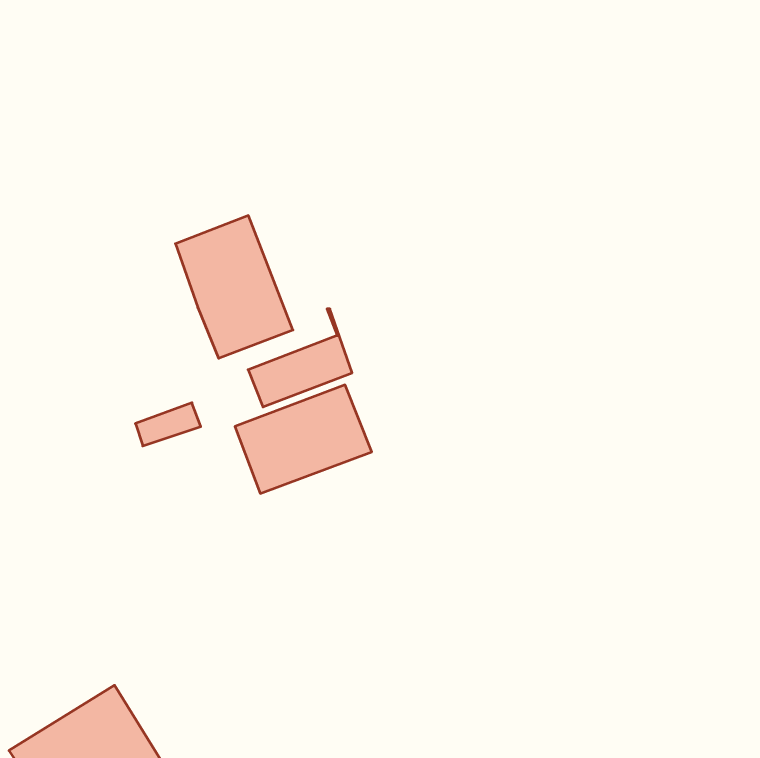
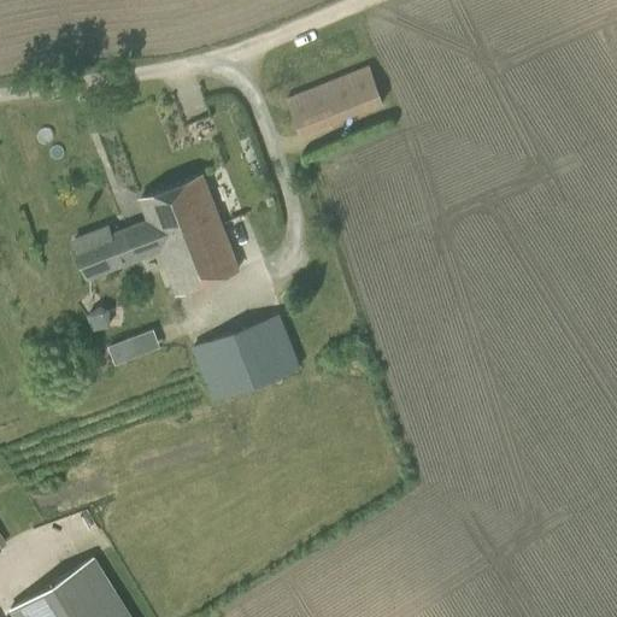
building: none -> [284,70,386,141]
building: [248,309,352,407] -> [76,199,160,278]

